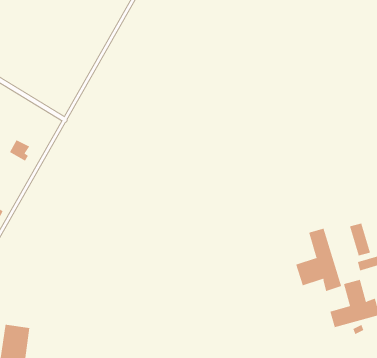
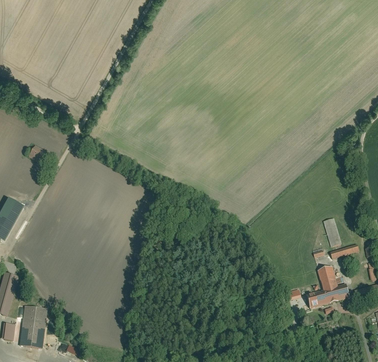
building: [296,228,342,292] -> none

